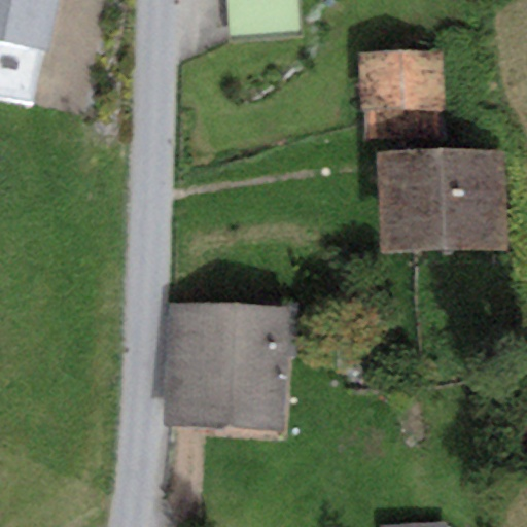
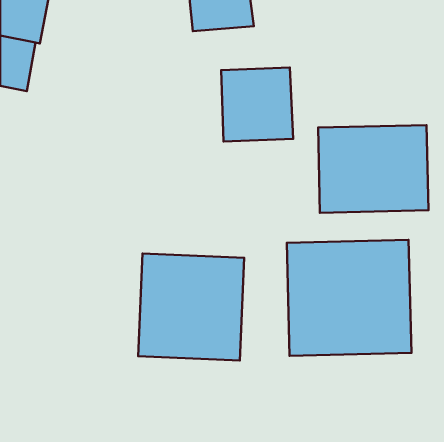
building: [358,49,444,137] -> [221,68,293,141]
building: none -> [287,240,411,356]

